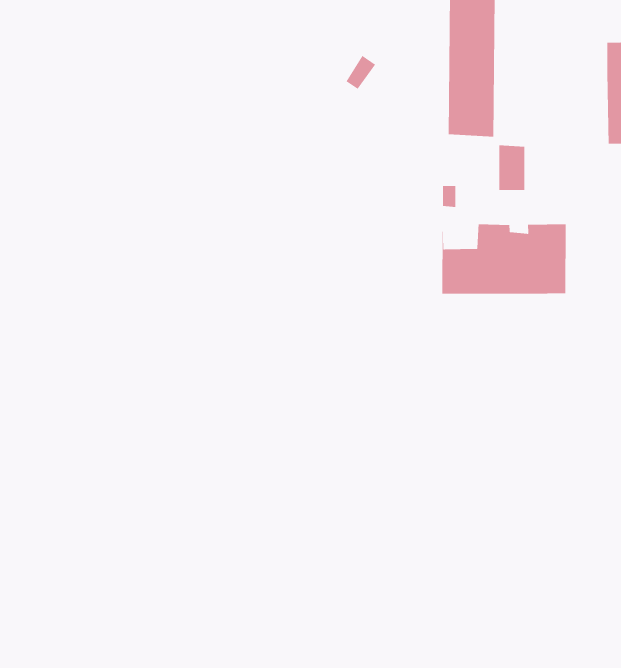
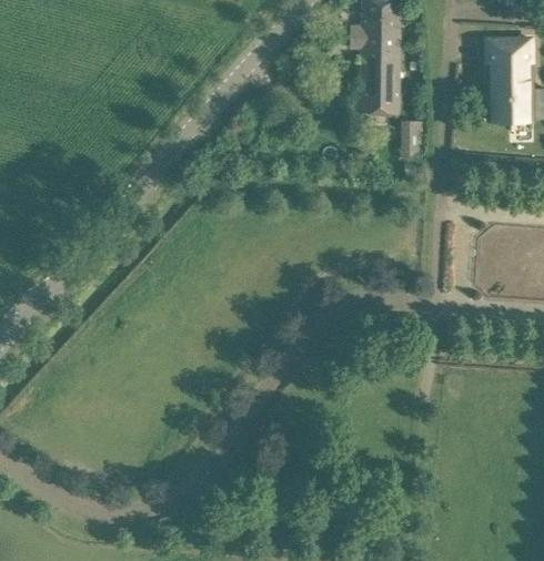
building: [441,223,567,295] -> none

